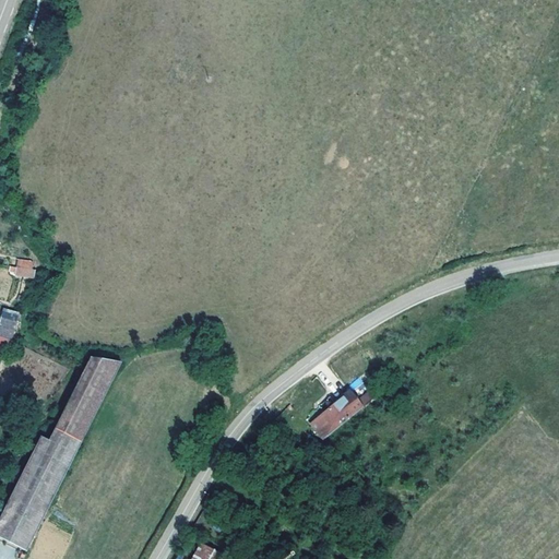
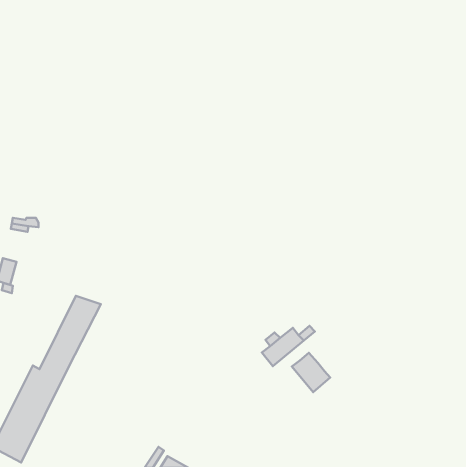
building: none -> [292,353,330,392]

